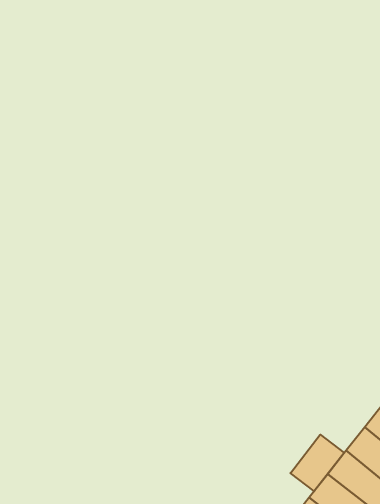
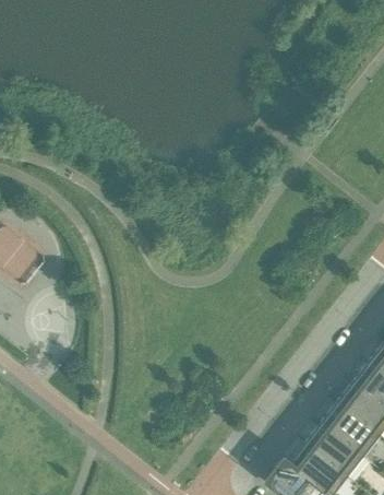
building: [290,435,344,491] -> none

